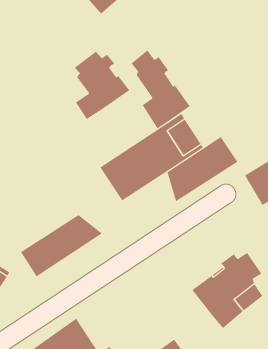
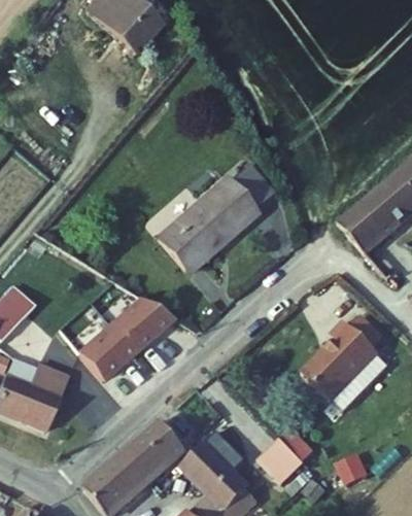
building: [131,50,191,129] -> none
building: [74,51,130,120] -> none
building: [167,136,238,202] -> none

